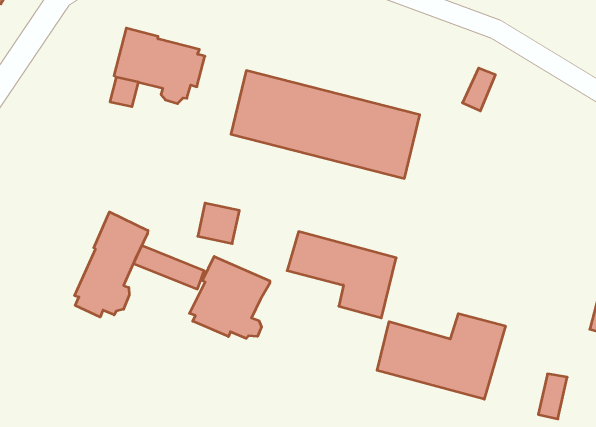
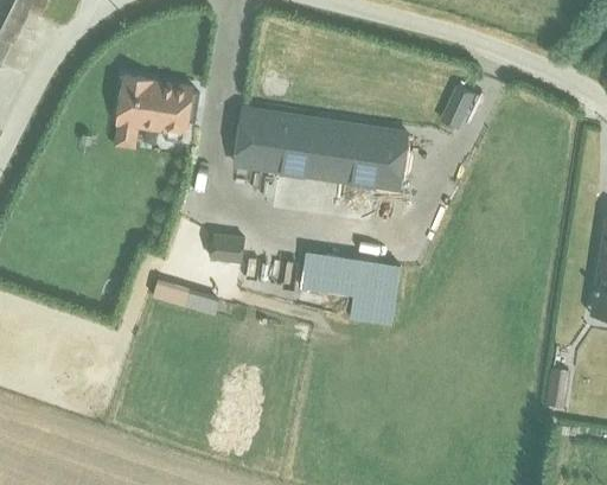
building: [75,212,148,317] -> none
building: [189,256,270,338] -> none
building: [377,314,505,399] -> none

